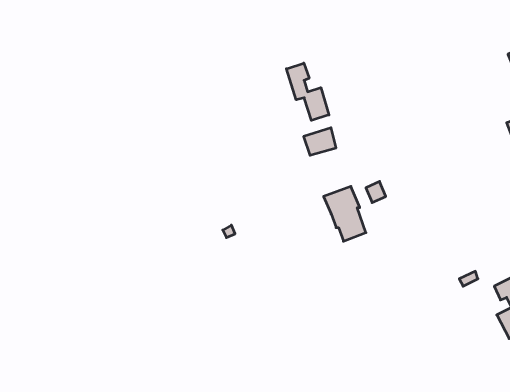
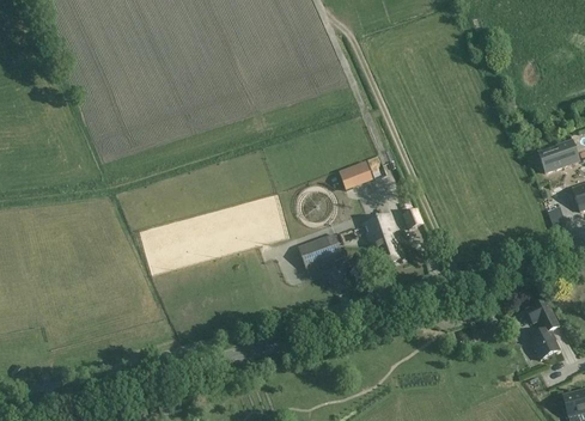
building: [286,63,329,120] -> none
building: none -> [297,234,341,270]

